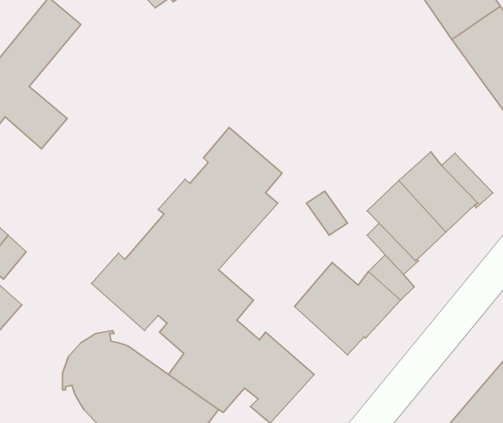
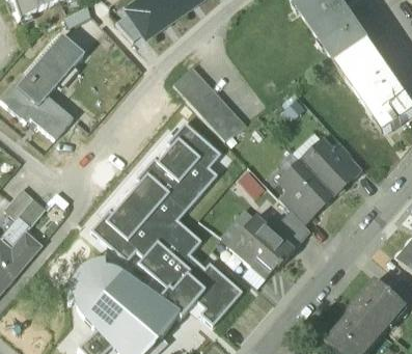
building: none -> [173,65,246,139]

